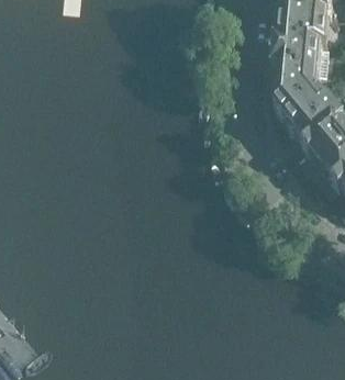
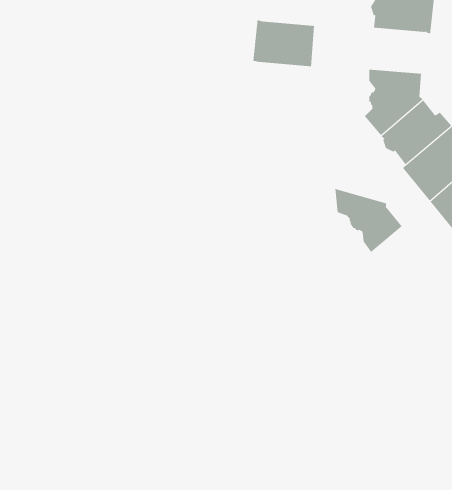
building: [270,34,316,68] -> [252,20,316,67]
building: none -> [335,188,403,253]

